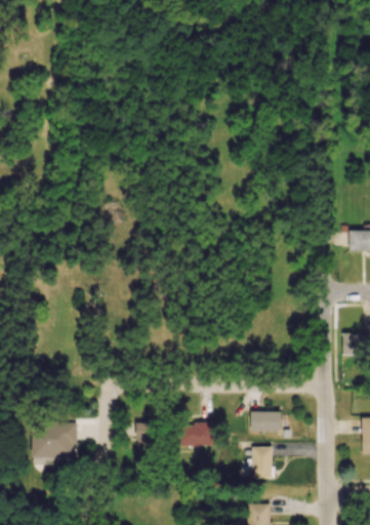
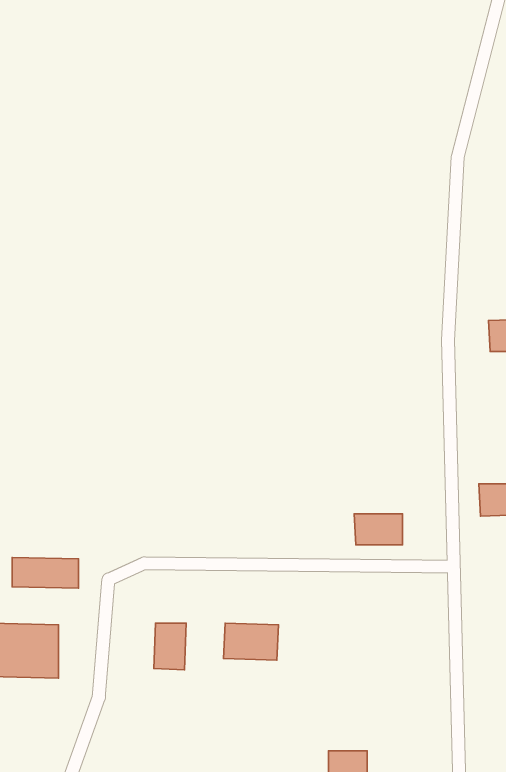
building: none -> [12,557,79,588]
building: [249,411,280,431] -> [354,514,403,545]
building: [251,447,273,478] -> none

